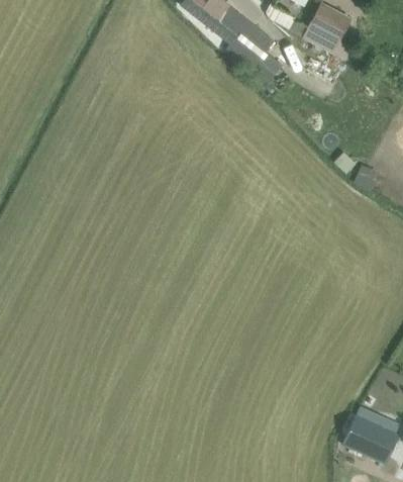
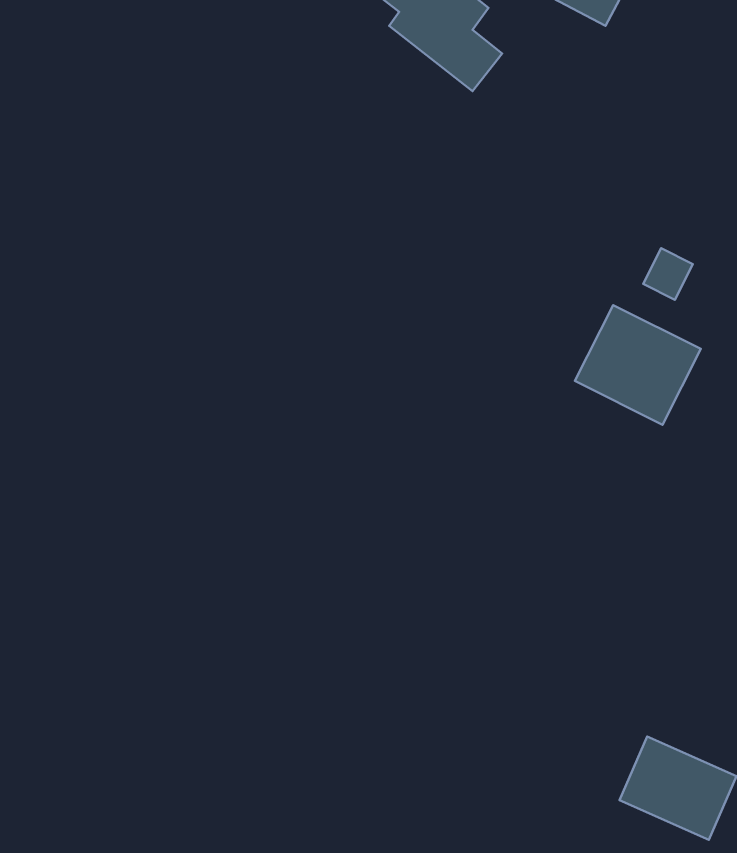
building: none -> [575,305,701,425]

